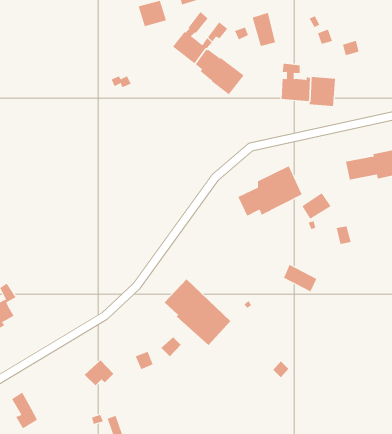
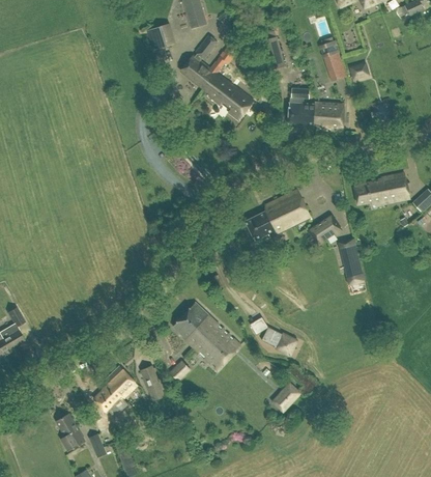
building: [283,264,317,292] -> [261,326,295,354]
building: none -> [105,365,137,397]
building: [11,392,38,429] -> [56,413,83,450]

